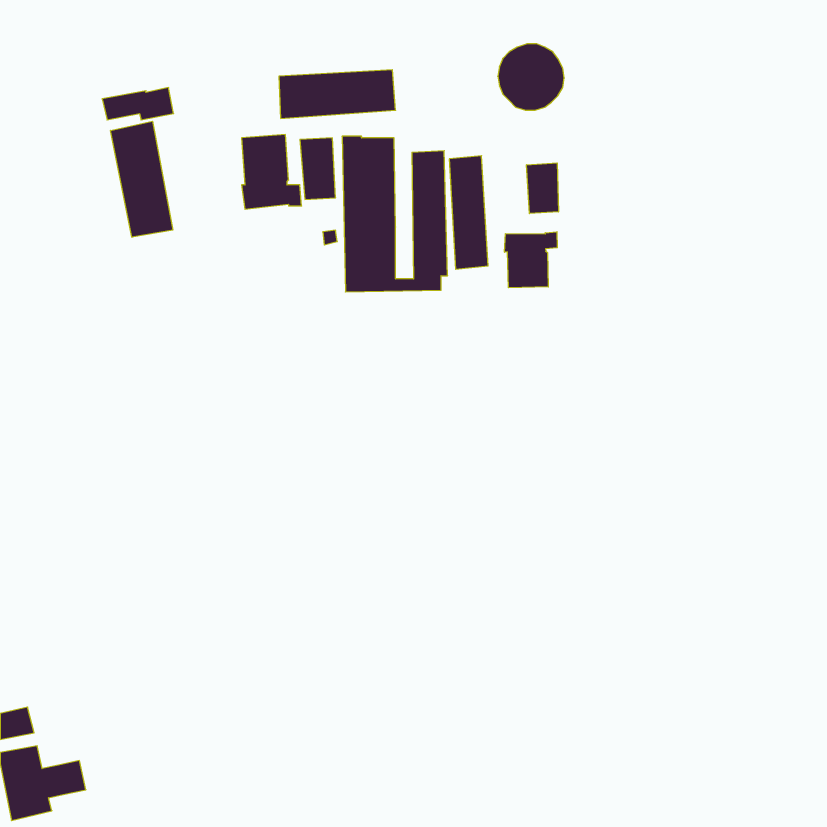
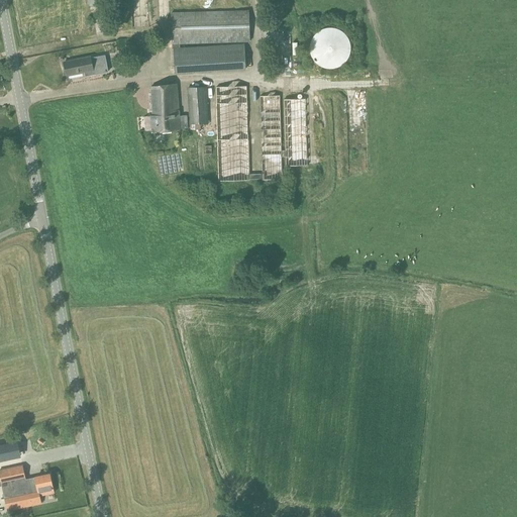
building: none -> [173,9,251,43]
building: [111,121,173,237] -> none
building: [527,163,558,214] -> none
building: [505,232,557,288] -> none

